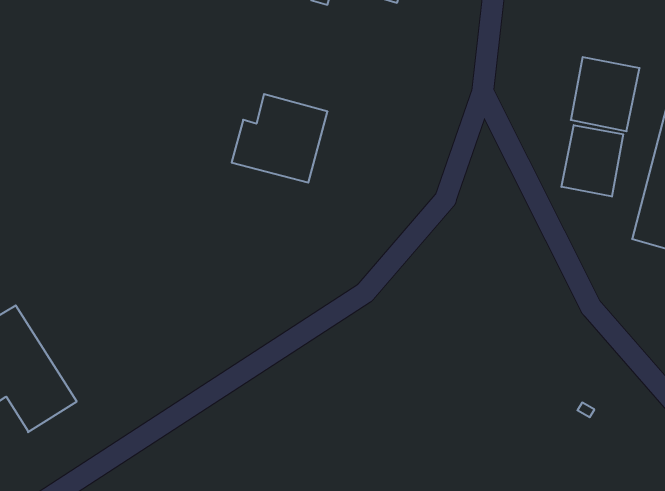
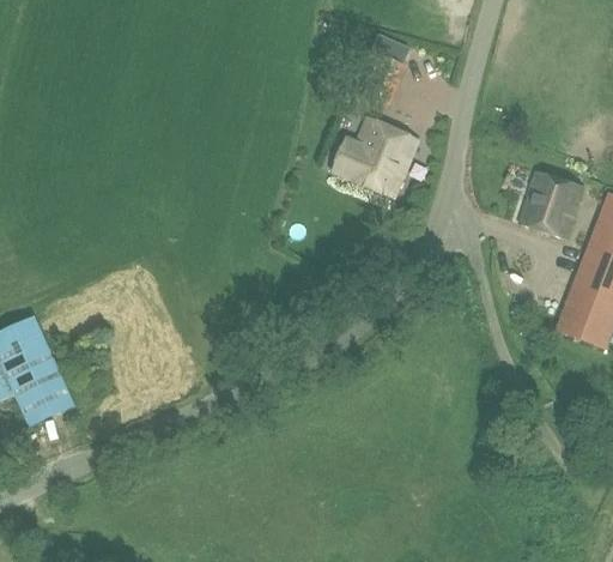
building: [232,94,328,183] -> [332,117,418,197]
building: [561,125,623,197] -> none

